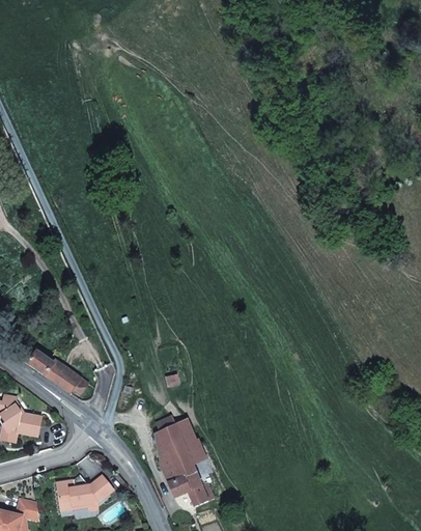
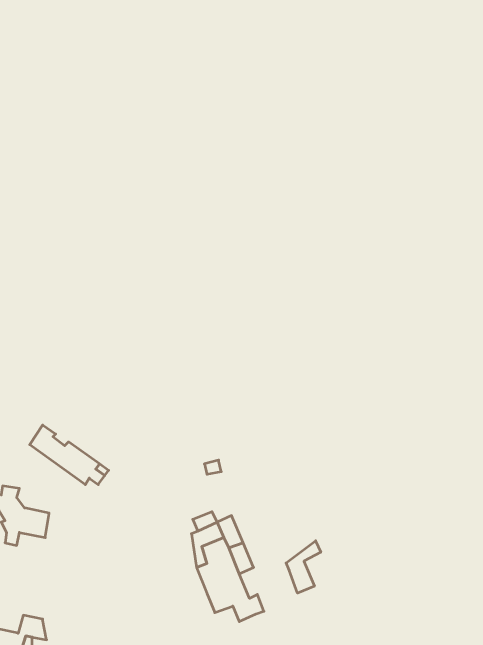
building: none -> [286,541,321,593]
building: [56,475,113,511] -> none

